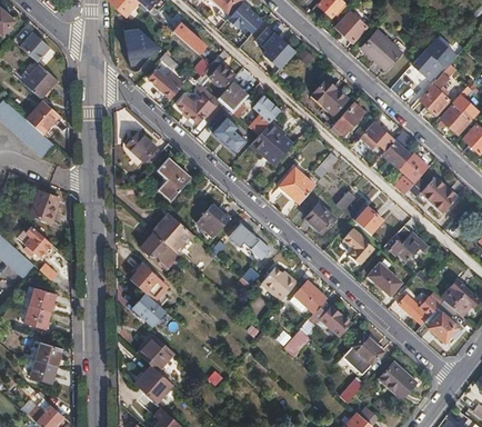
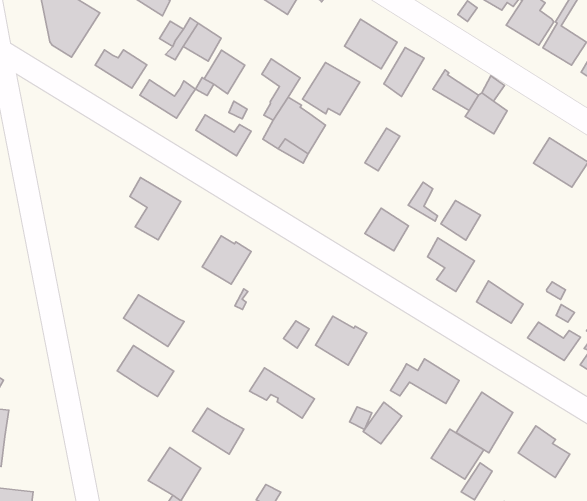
building: [125,131,161,166] -> none
building: [394,155,428,195] -> none
building: [277,168,315,203] -> [303,62,360,115]
building: [152,214,192,252] -> none
building: [229,224,270,260] -> [250,368,314,418]
building: [384,225,425,259] -> none
building: [291,281,327,311] -> none
building: [132,292,165,325] -> [193,408,244,454]
building: none -> [431,429,484,479]

